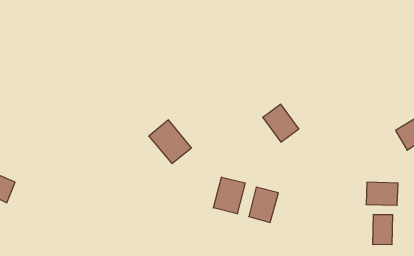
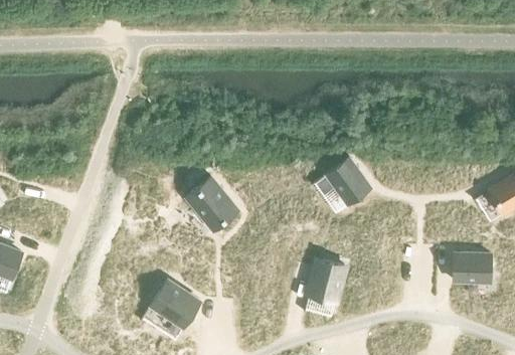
building: [214,177,245,214] -> none
building: none -> [151,283,199,328]
building: [373,214,393,245] -> none

